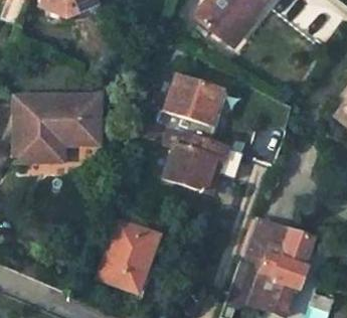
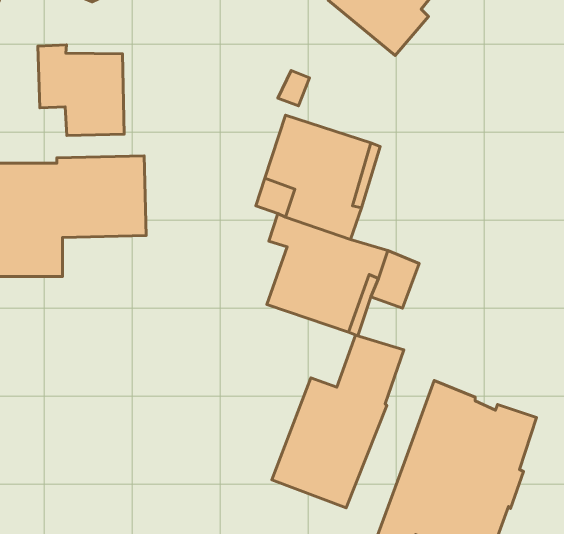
building: none -> [38,45,124,135]
building: [97,199,168,293] -> [272,335,404,508]

